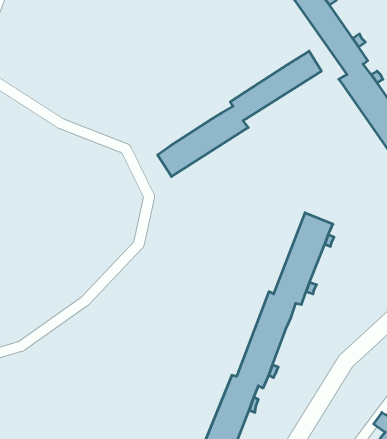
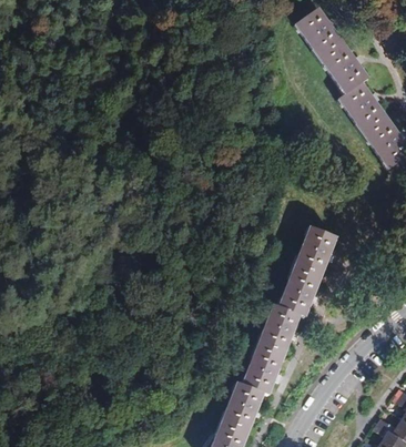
building: [158,51,321,177] -> none

